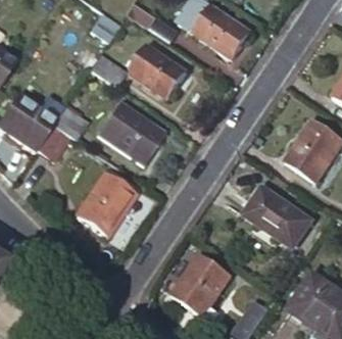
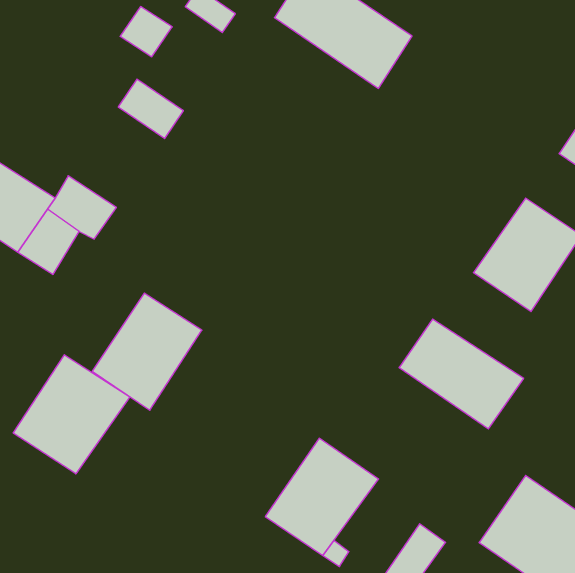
building: [129,44,188,98] -> none
building: [97,101,164,164] -> none
building: none -> [13,355,130,474]

